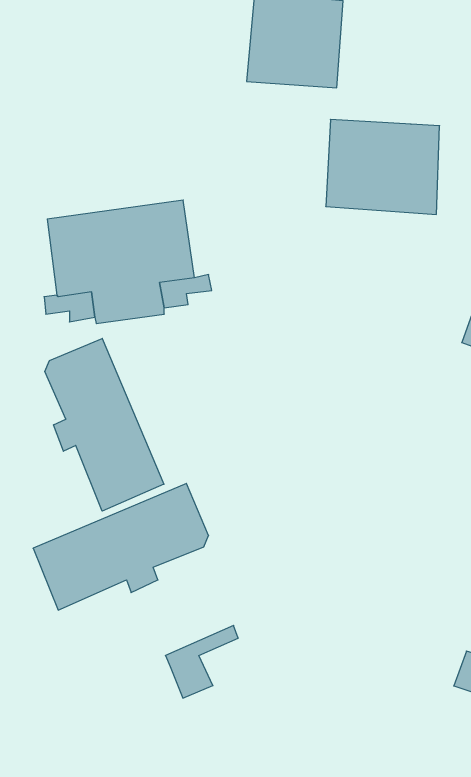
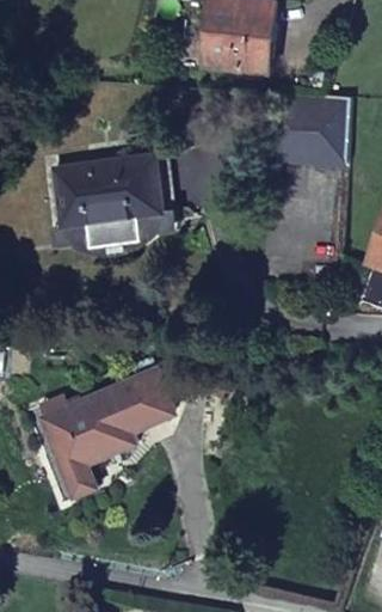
building: [45,338,164,511] -> none
building: [165,625,238,698] -> [60,441,115,496]

